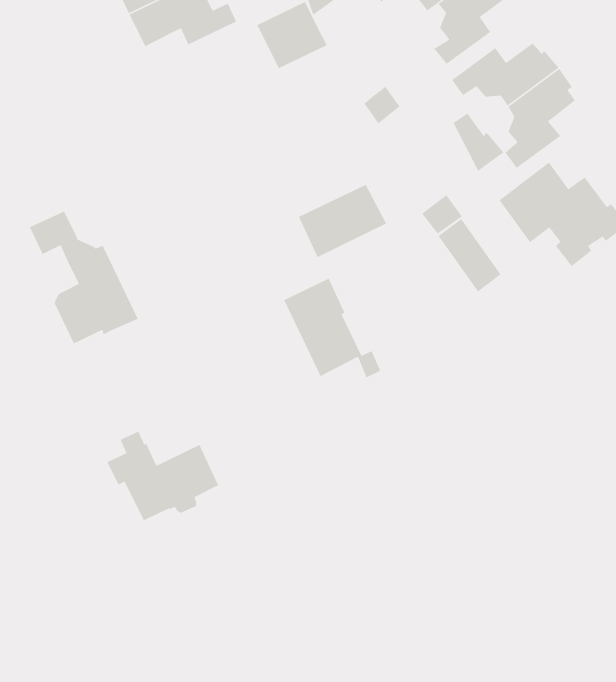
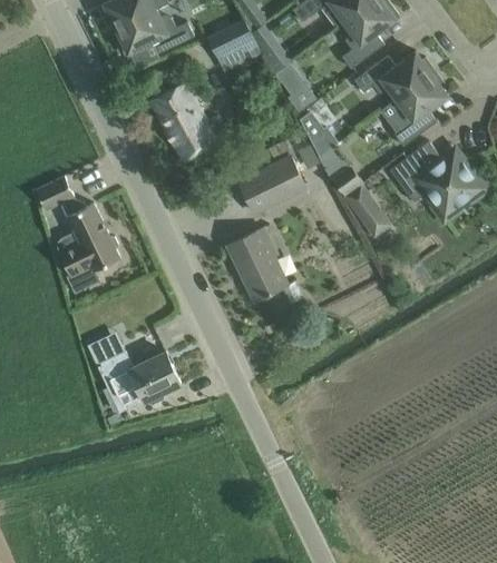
building: none -> [252,27,290,73]
building: none -> [149,81,226,160]
building: [453,112,505,172] -> [299,111,338,156]

